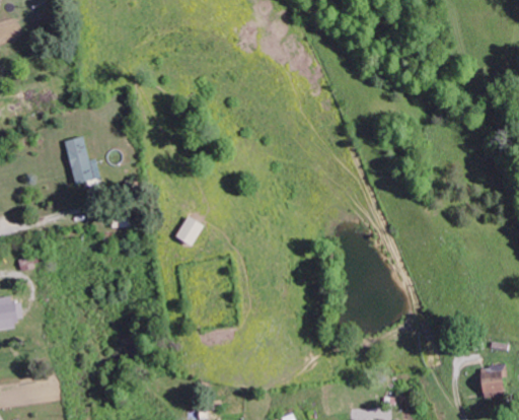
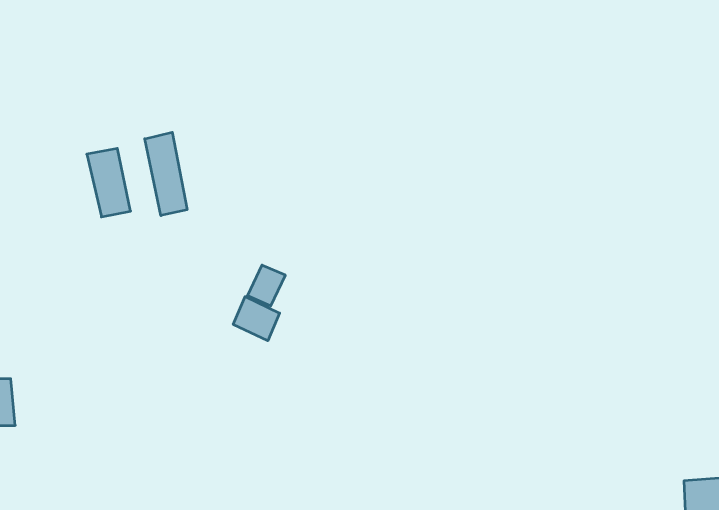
building: none -> [145,132,187,216]
building: none -> [233,297,280,341]

